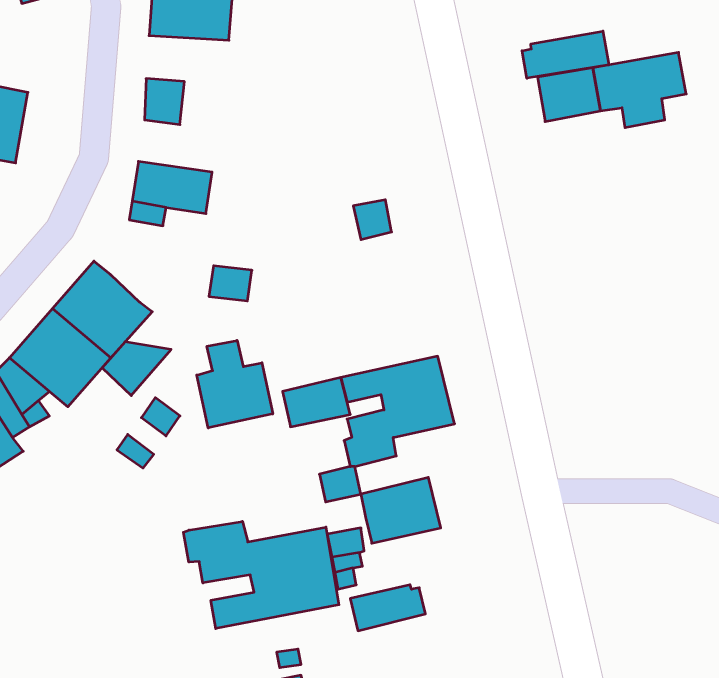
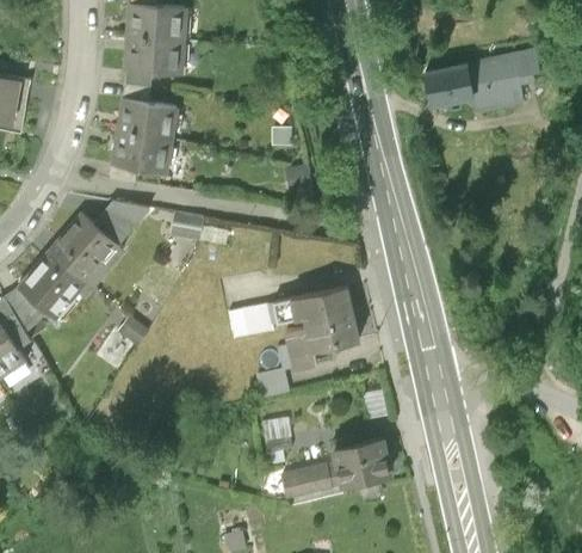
building: [522,31,609,78] -> none
building: none -> [122,36,186,74]
building: none -> [116,102,178,142]
building: [197,340,273,428] -> none
building: [102,342,171,396] -> [94,202,148,244]
building: [361,477,441,543] -> [330,435,392,486]
building: [183,521,339,629] -> none

